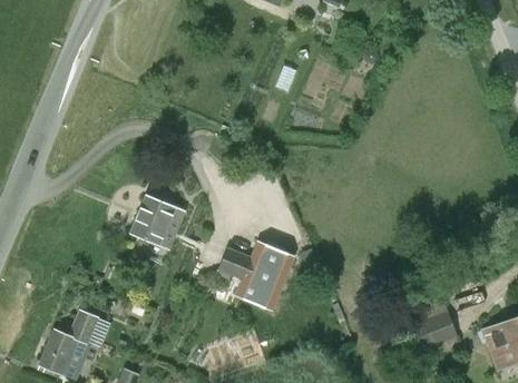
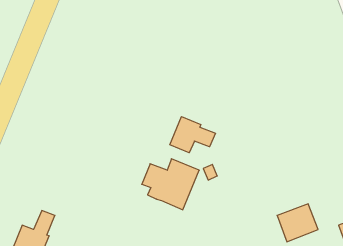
building: none -> [170,117,215,153]
building: [130,195,175,243] -> none

